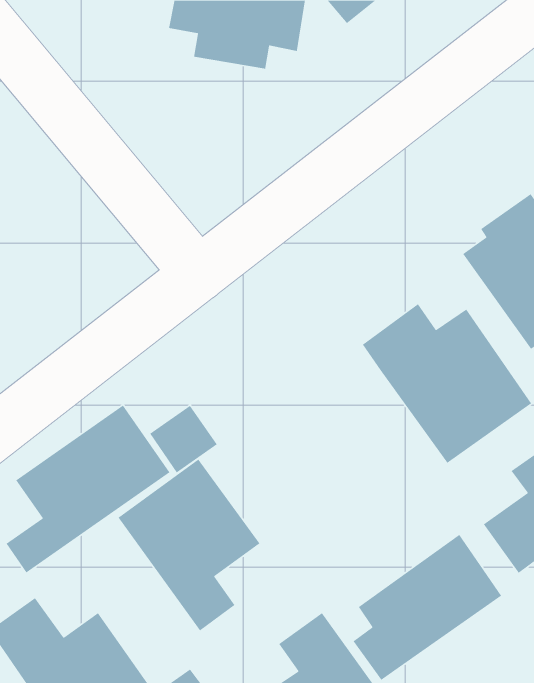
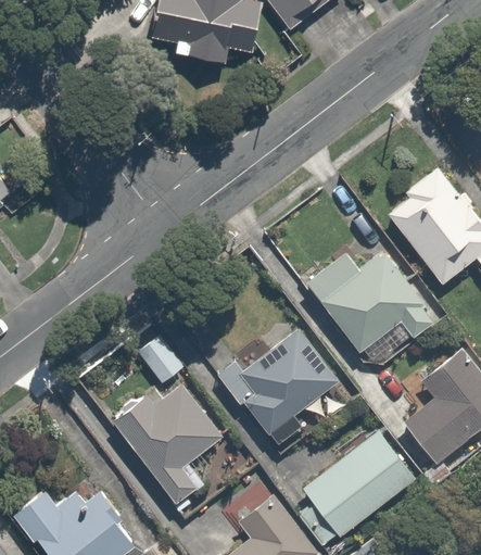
building: [6,405,170,574] -> none
building: none -> [216,330,339,438]

